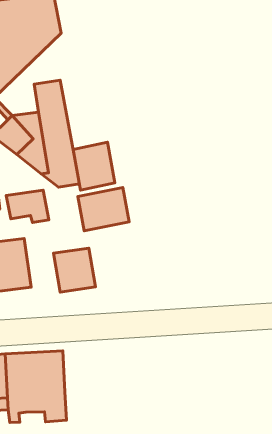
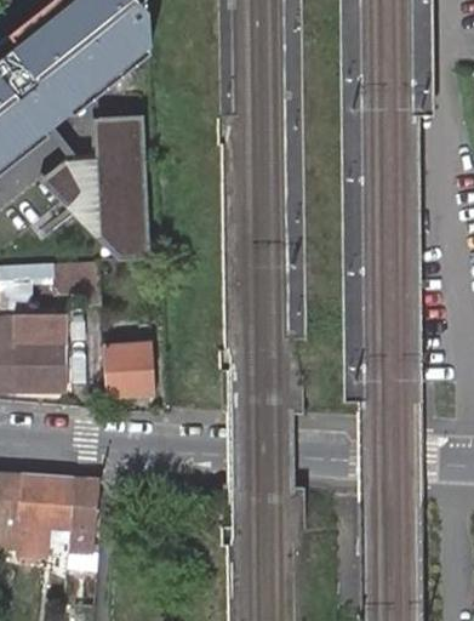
building: [73,142,115,190] -> none
building: [78,188,129,231] -> none

